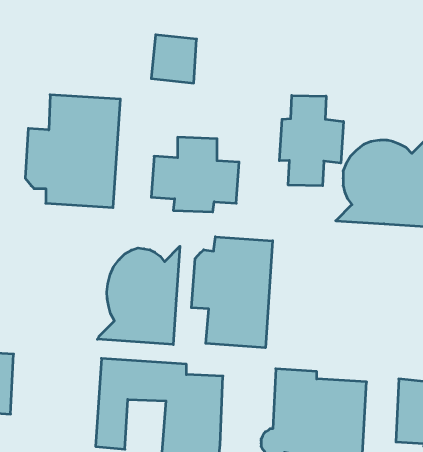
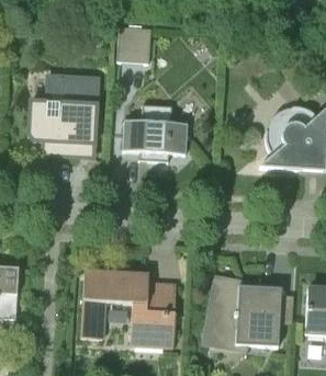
building: [279,95,343,186] -> none
building: [191,237,273,348] -> none
building: [97,246,180,345] -> none

